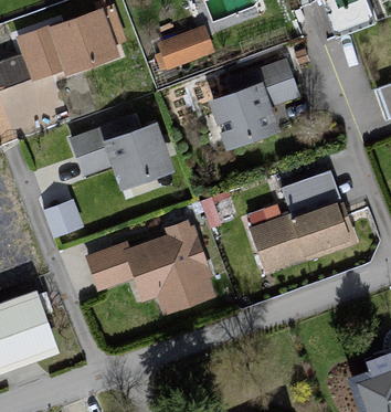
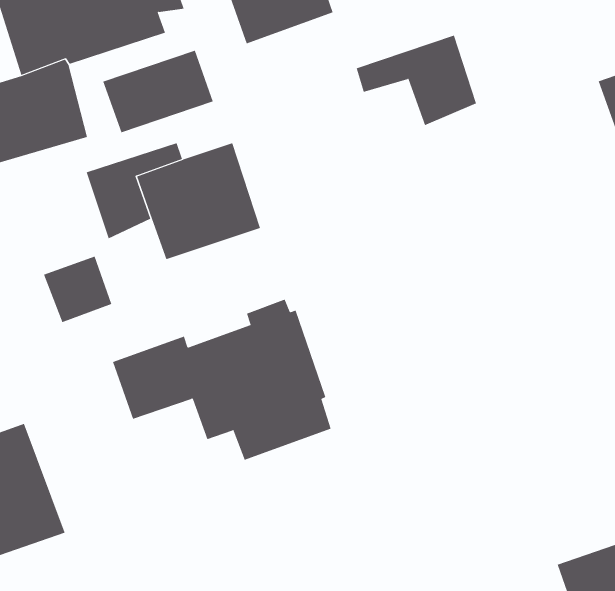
building: none -> [103,50,214,133]
building: [203,85,278,151] -> none
building: [250,166,356,271] -> none

